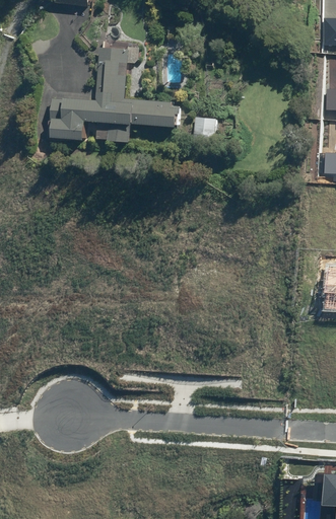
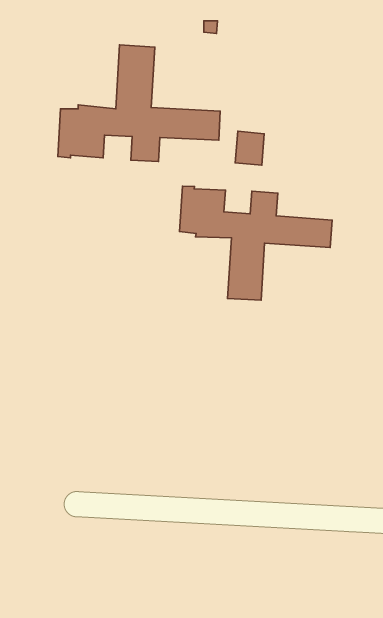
building: none -> [179,186,332,300]

